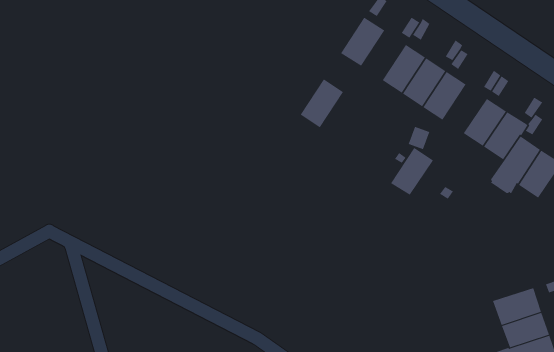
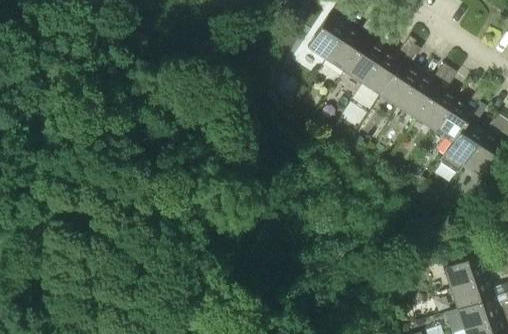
building: [300,79,344,128] -> [325,28,364,72]
building: [390,147,434,196] -> [397,76,436,119]

